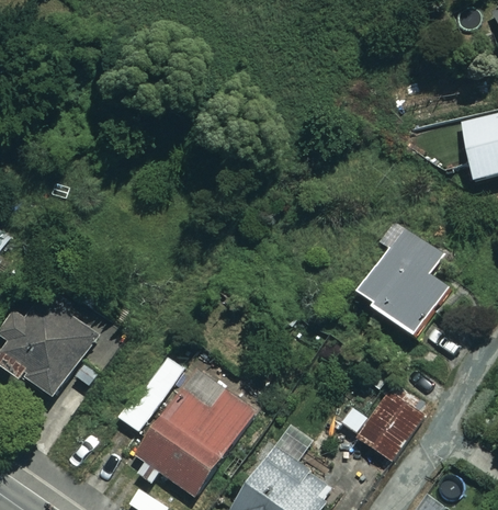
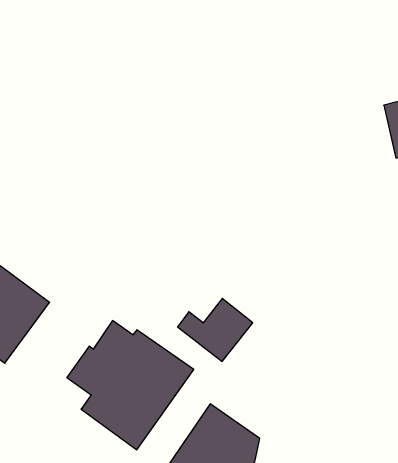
building: [355,226,452,339] -> none
building: [341,392,422,460] -> [178,298,253,361]

